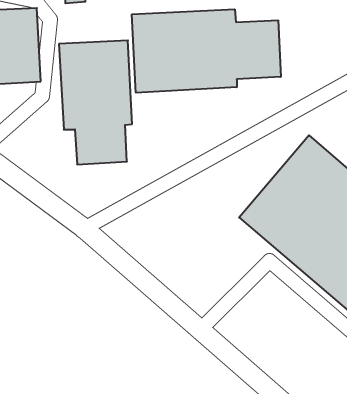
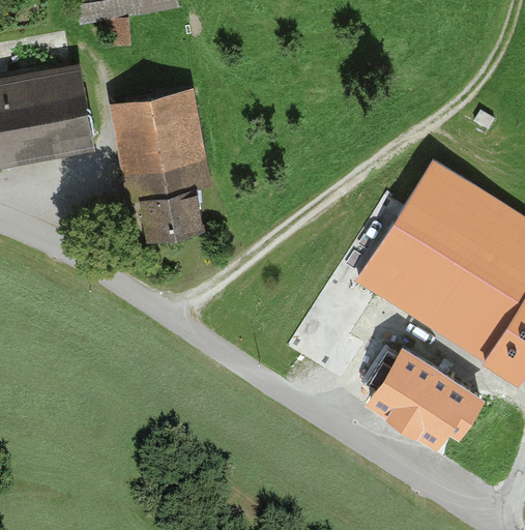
building: [132,9,281,93] -> none
building: none -> [372,352,476,448]

